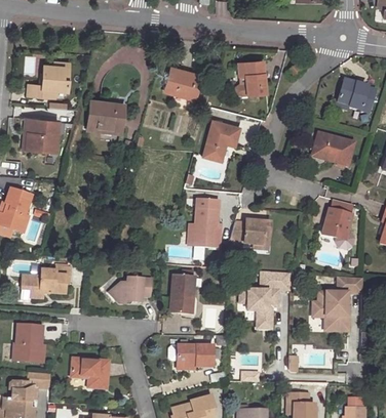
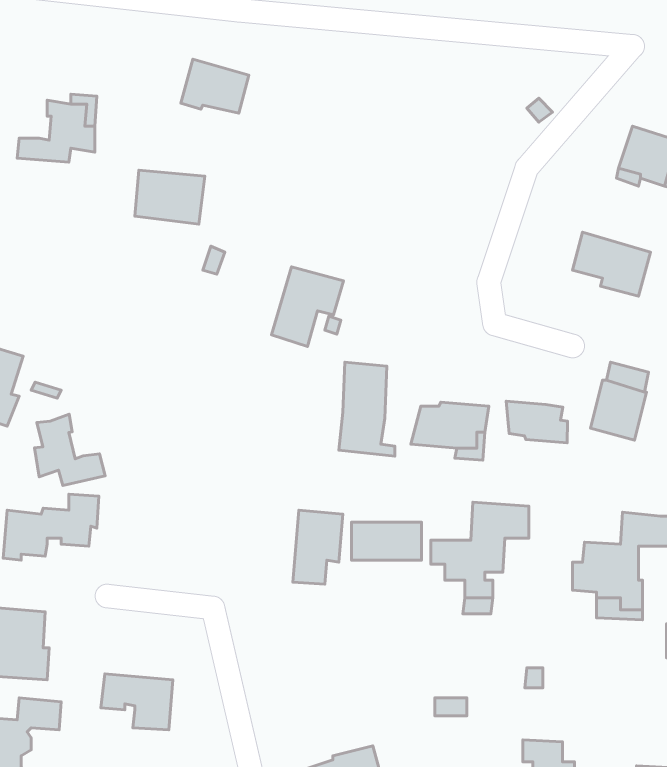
building: [235,59,265,94] -> none
building: [165,68,200,95] -> [181,59,249,113]
building: [26,119,59,151] -> none
building: [202,120,239,161] -> [271,267,343,347]
building: none -> [506,401,567,443]
building: none -> [34,414,105,485]
building: [109,277,150,303] -> none
building: [177,345,213,365] -> [352,522,421,560]

